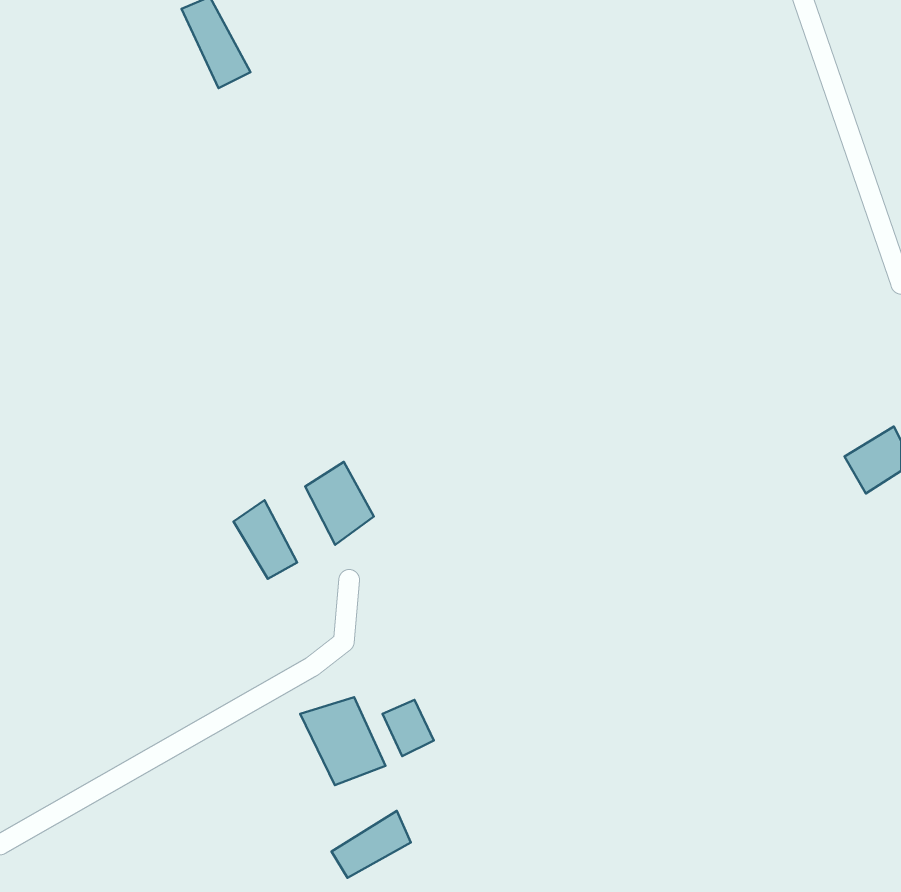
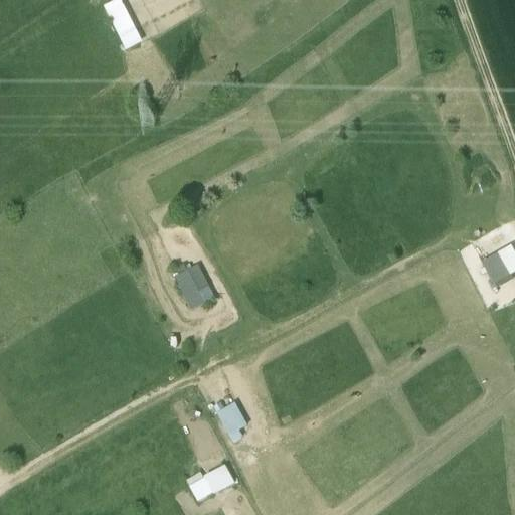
building: [234,500,297,579] -> none
building: [300,697,386,785] -> none

